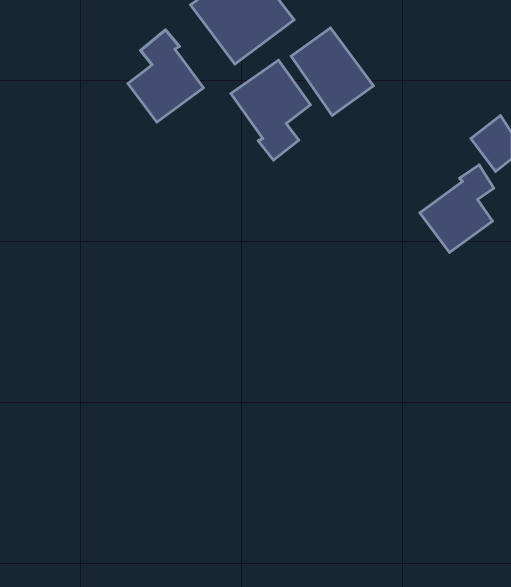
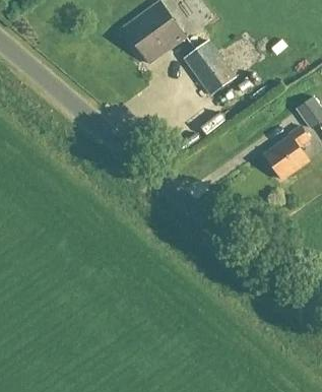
building: [128,30,204,122] -> none
building: [231,60,311,160] -> none

